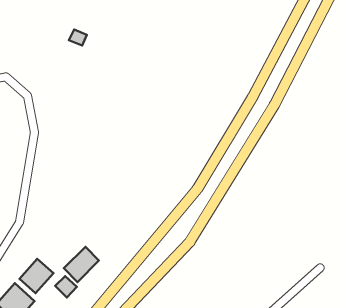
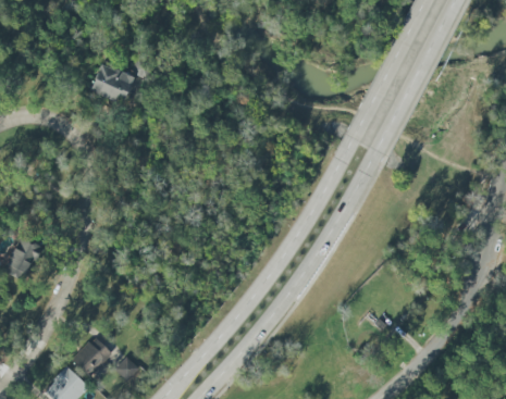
building: none -> [89,64,133,104]
building: [64,247,99,282] -> none

